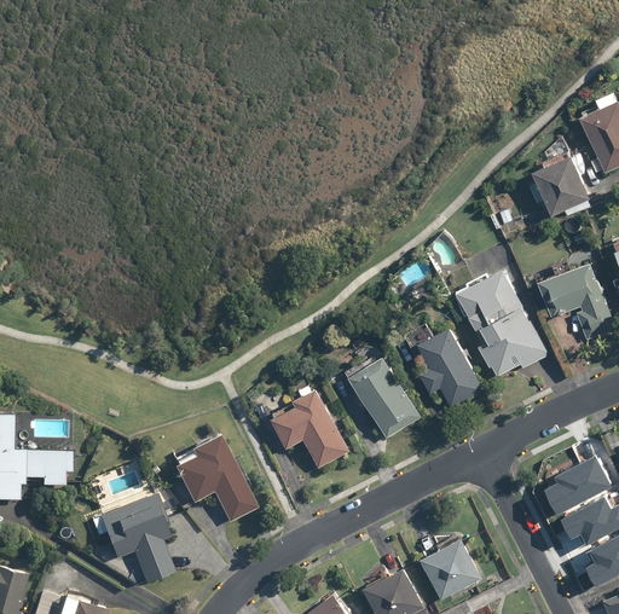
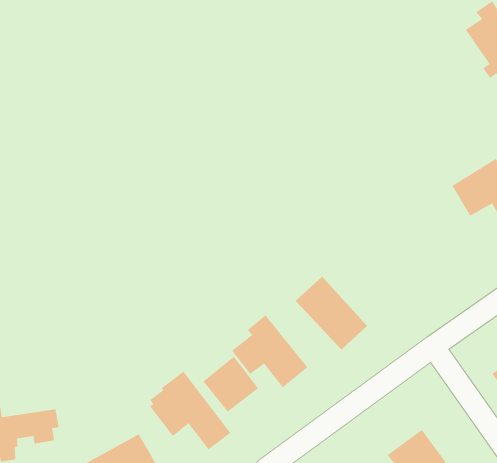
building: [530,137,592,216] -> none
building: [453,266,549,375] -> none
building: [401,322,482,407] -> none
building: none -> [203,356,259,413]

